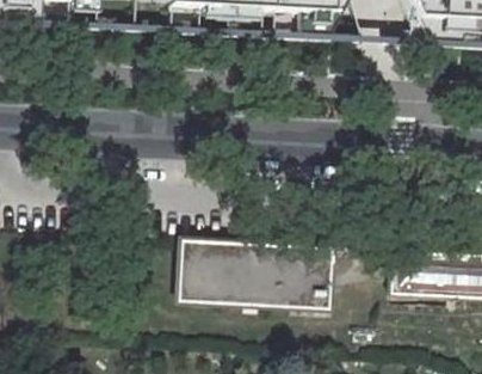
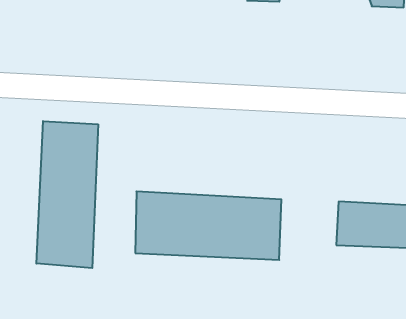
building: none -> [36,121,98,268]

